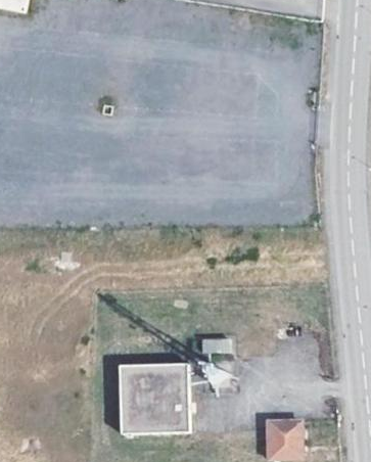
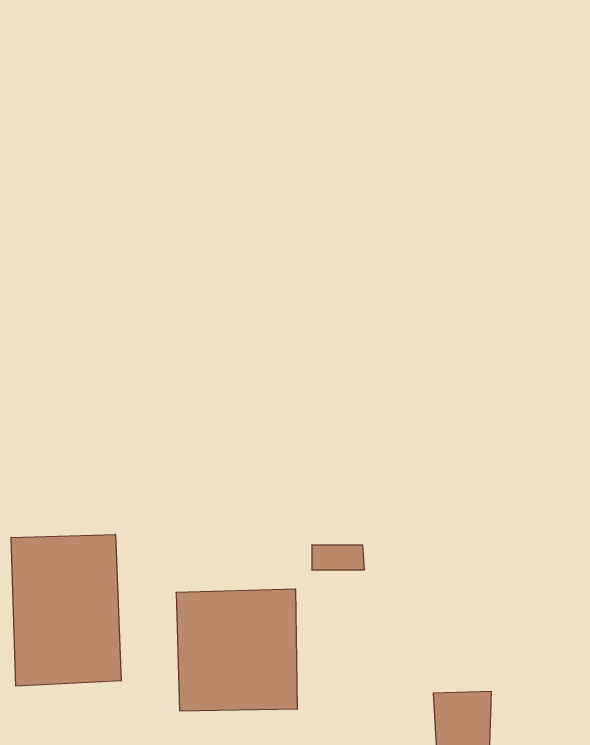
building: none -> [11,534,121,686]

